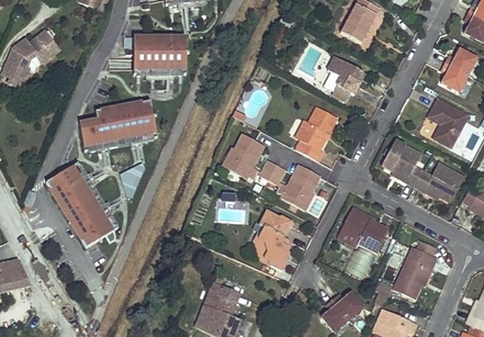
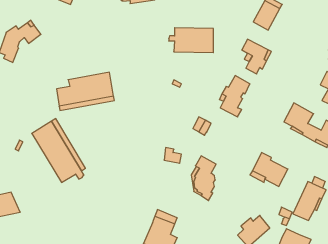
building: [126,36,185,69] -> [169,28,213,53]
building: [226,134,264,178] -> none
building: [277,164,320,210] -> none

